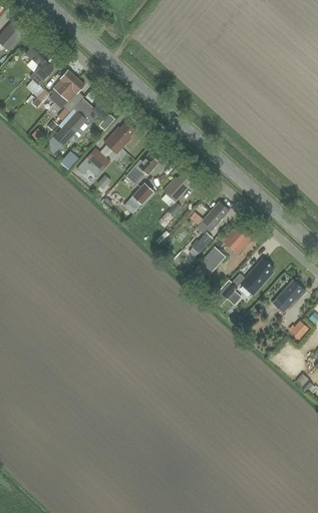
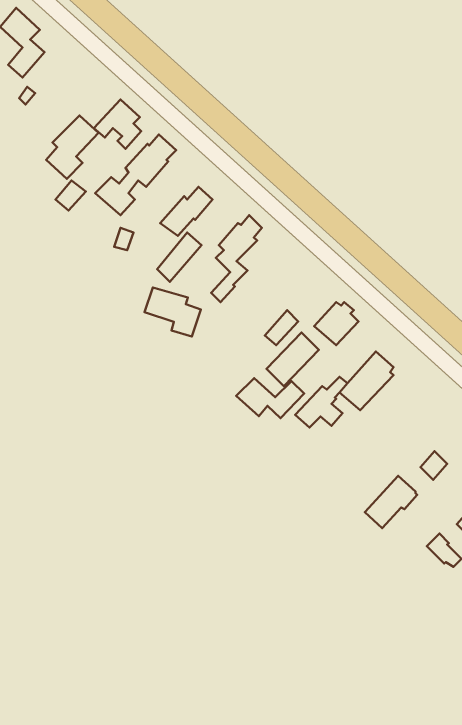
building: [48,69,83,119] -> none
building: [198,200,229,229] -> none
building: none -> [144,288,201,337]
building: none -> [236,378,304,418]
building: [272,280,305,313] -> [365,476,417,528]

